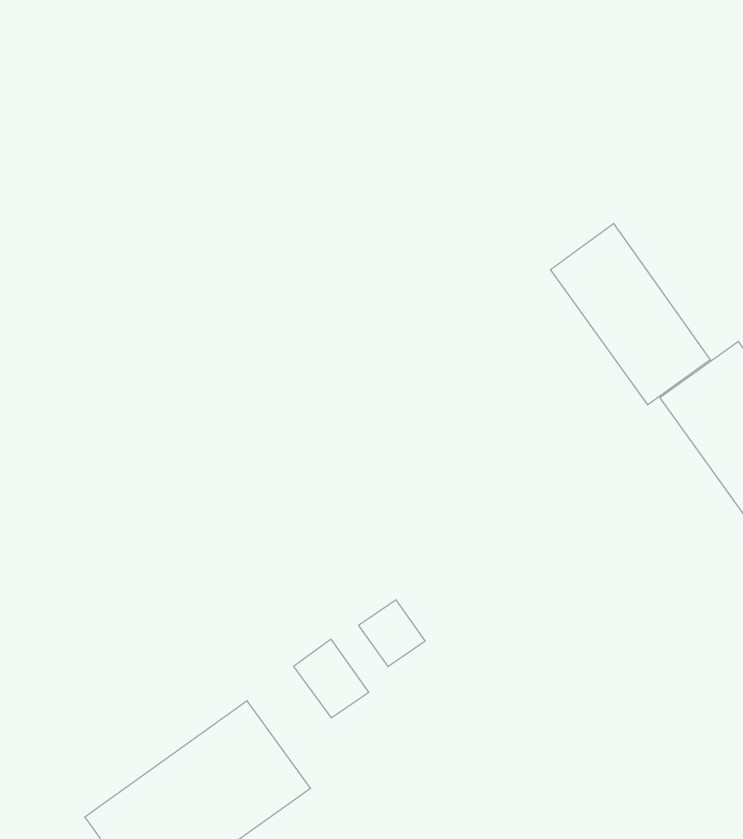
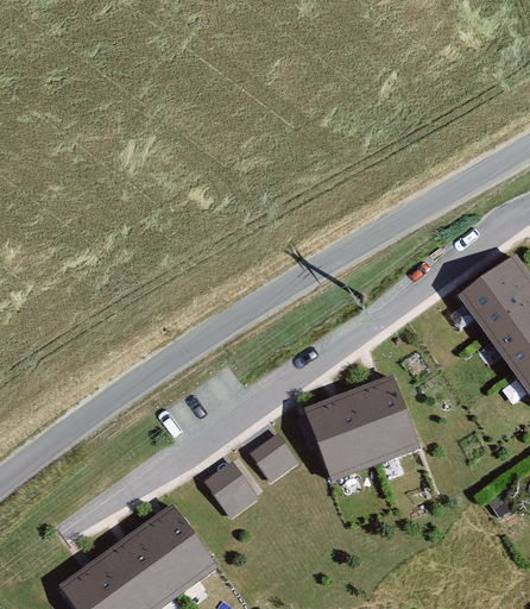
building: [550,223,710,405] -> none
building: none -> [304,377,418,479]

